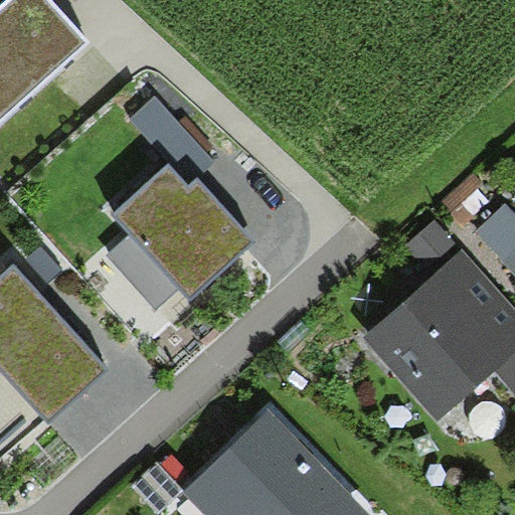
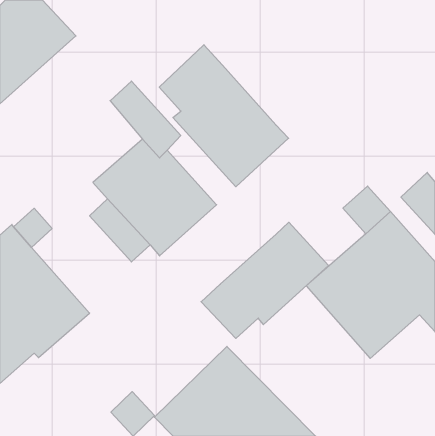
building: none -> [159,45,289,187]
building: none -> [201,222,329,338]

